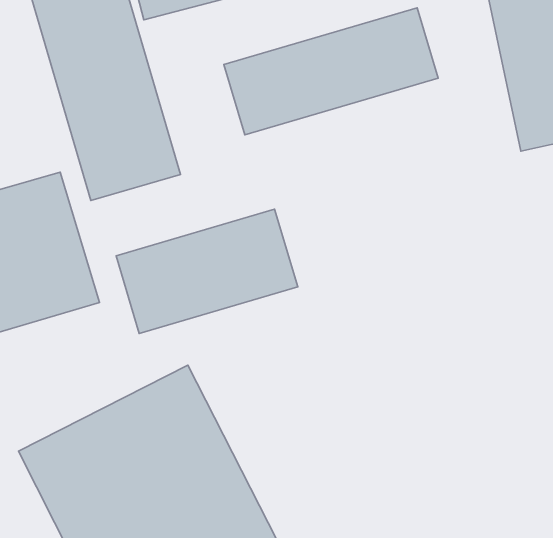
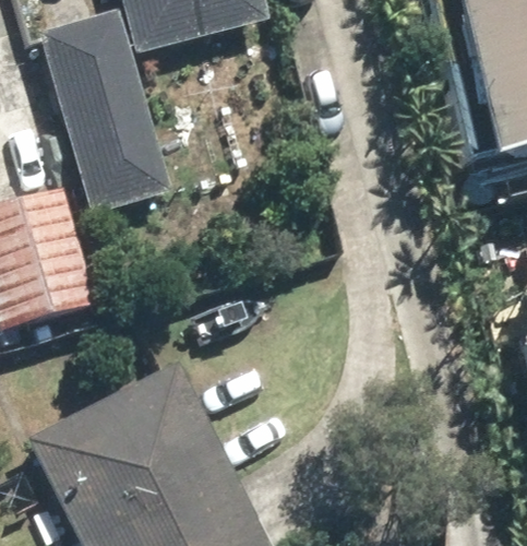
building: [224,8,438,135] -> none
building: [116,209,298,333] -> none

